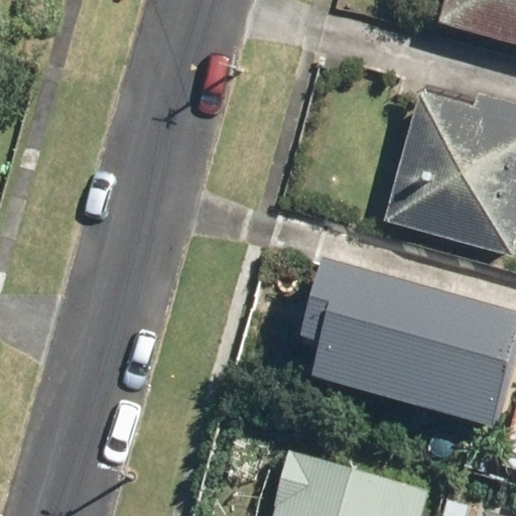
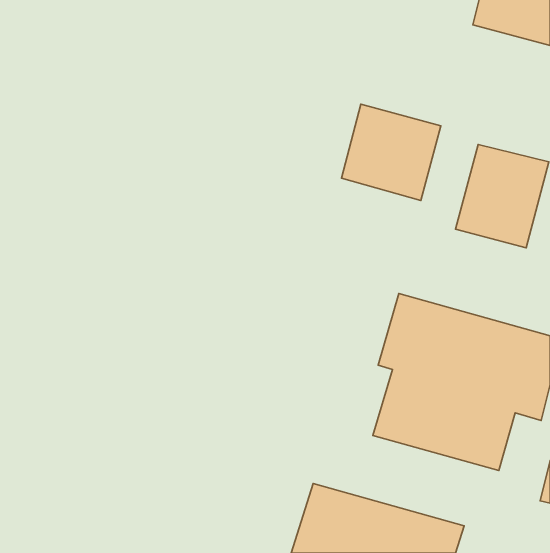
building: none -> [342,104,441,201]

